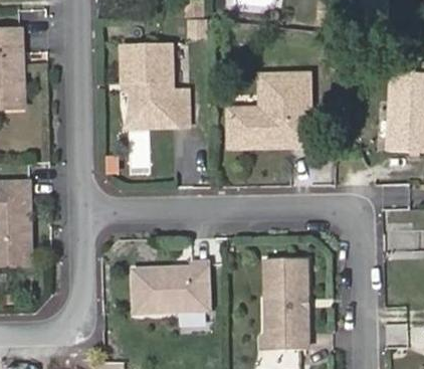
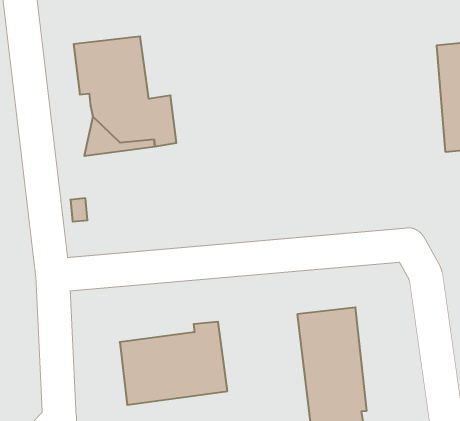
building: [229,73,309,147] -> none

